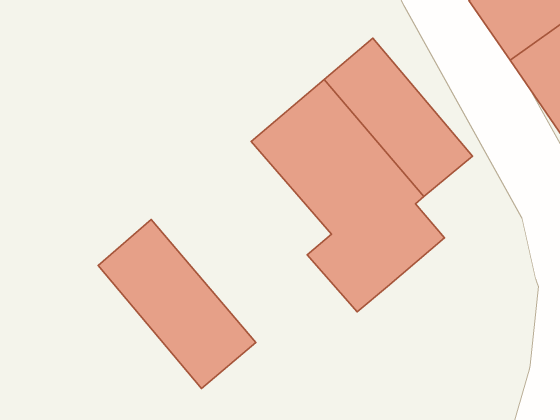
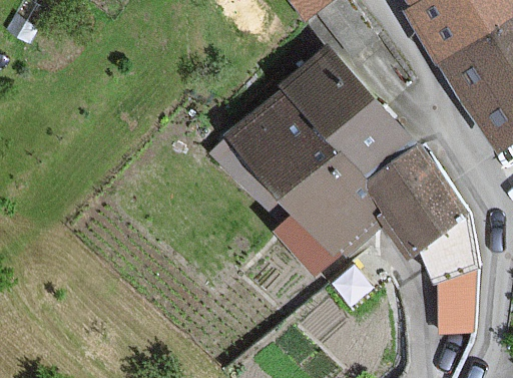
building: none -> [368,147,475,338]
building: [98,219,256,388] -> none

